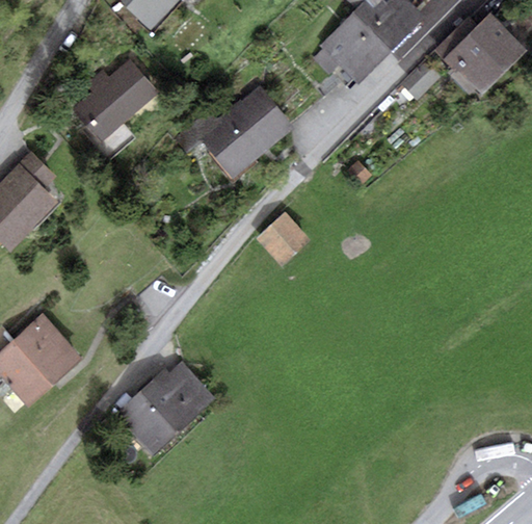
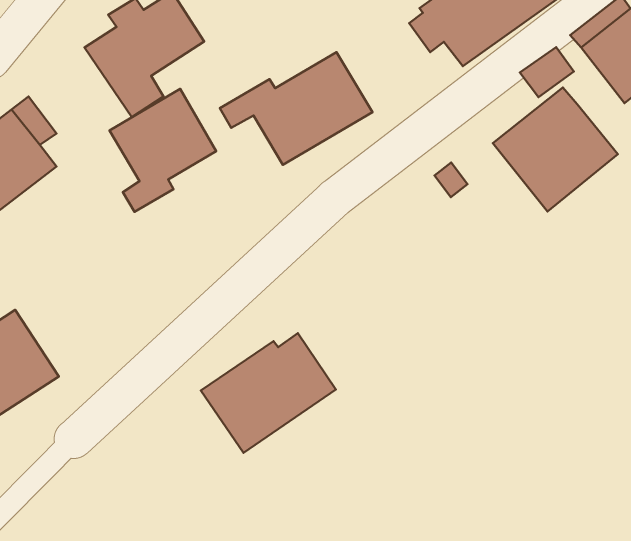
building: none -> [493,87,618,211]
building: none -> [110,89,216,212]
building: [255,211,310,266] -> none
building: [113,360,215,455] -> [201,333,336,453]

